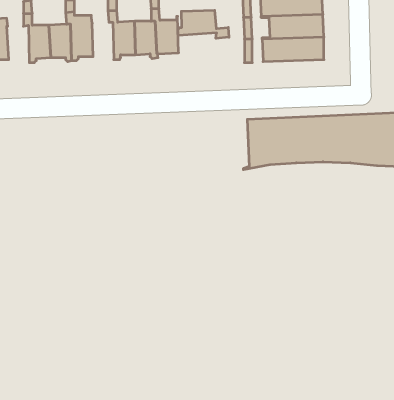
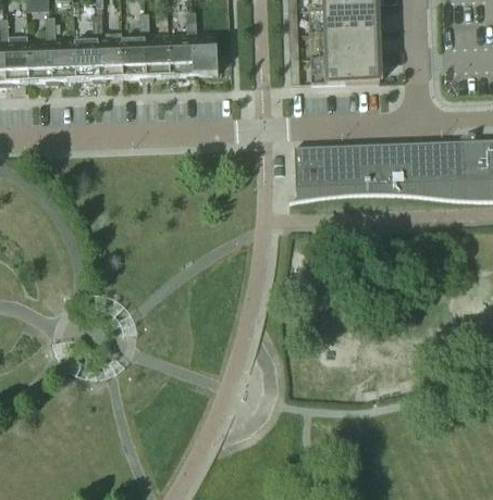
building: [178,10,229,38] -> none
building: none -> [122,39,146,80]
building: none -> [27,42,52,84]

